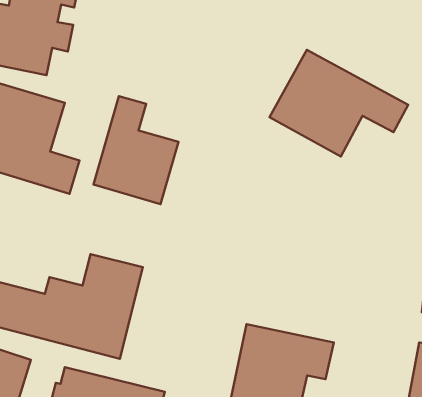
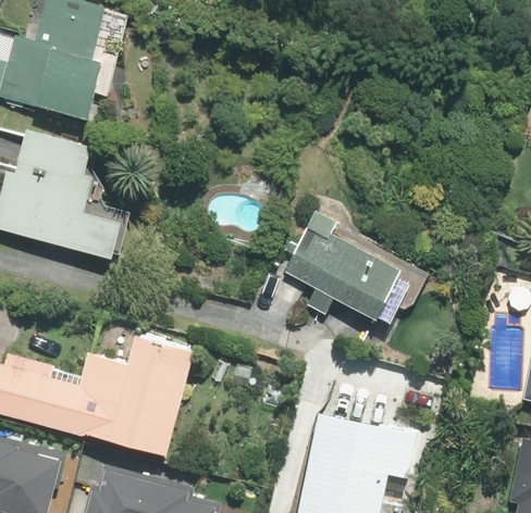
building: [270,50,408,156] -> none
building: [94,96,179,204] -> none
building: none -> [283,214,411,325]

